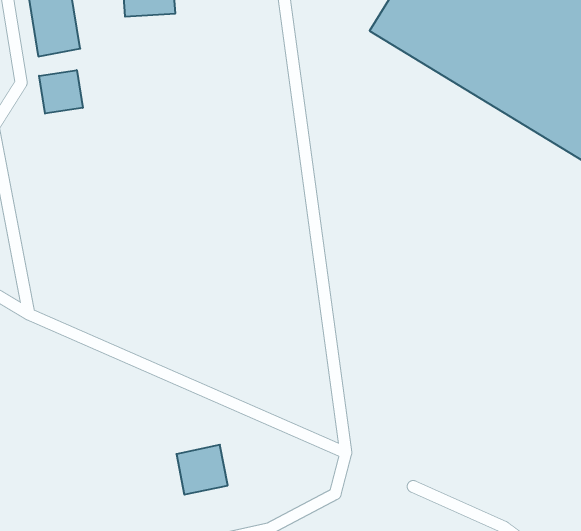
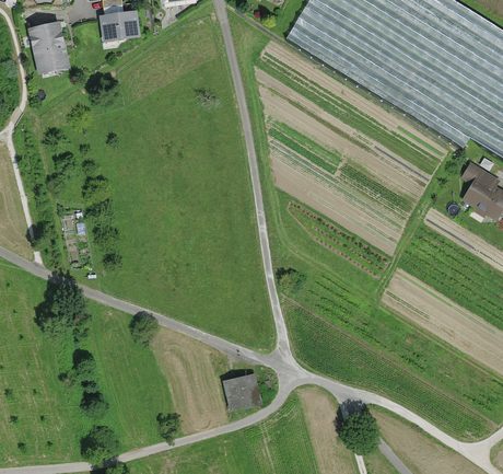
building: [39,70,83,114] -> none
building: [176,445,228,495] -> [223,371,264,411]

